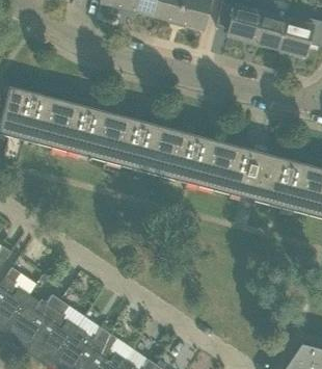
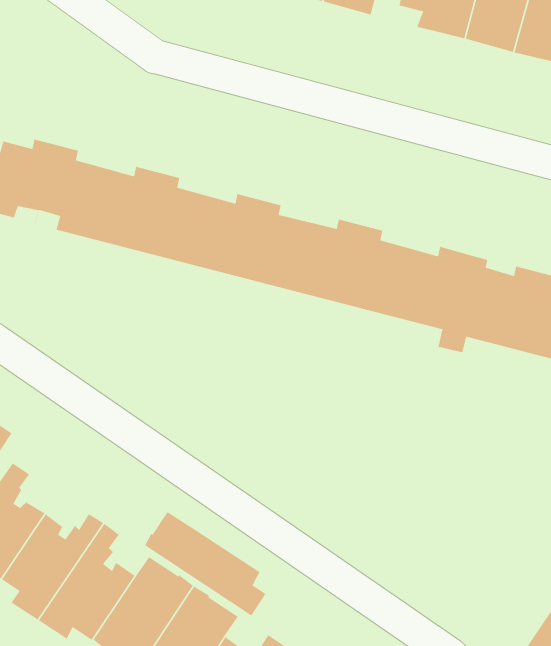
building: none -> [144,511,266,617]

